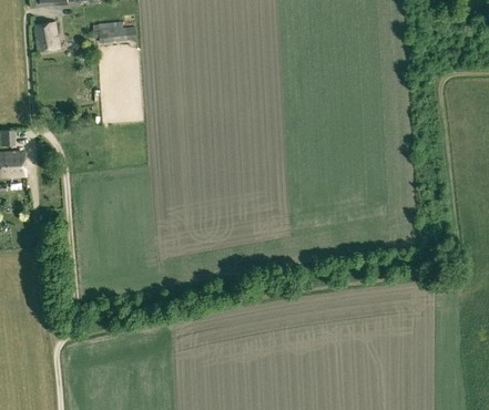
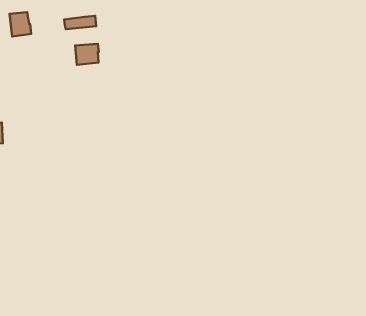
building: none -> [75,44,99,65]

